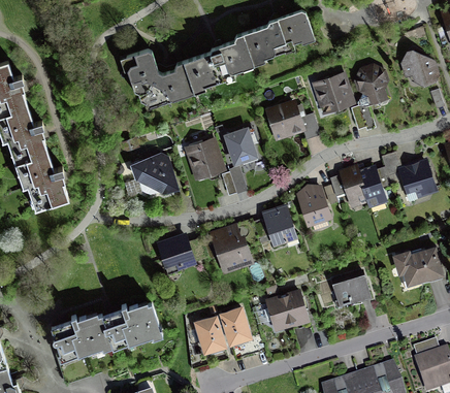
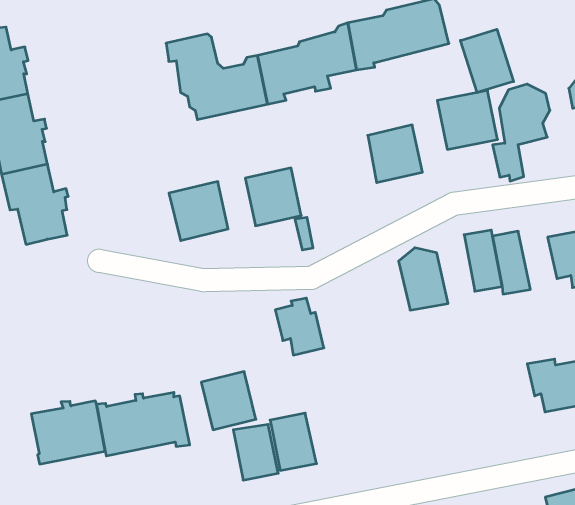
building: none -> [460,29,514,93]
building: [222,127,257,167] -> none
building: [261,205,297,248] -> none
building: [157,233,197,275] -> [201,372,256,430]
building: [332,274,371,306] -> none
building: [264,289,310,332] -> none

